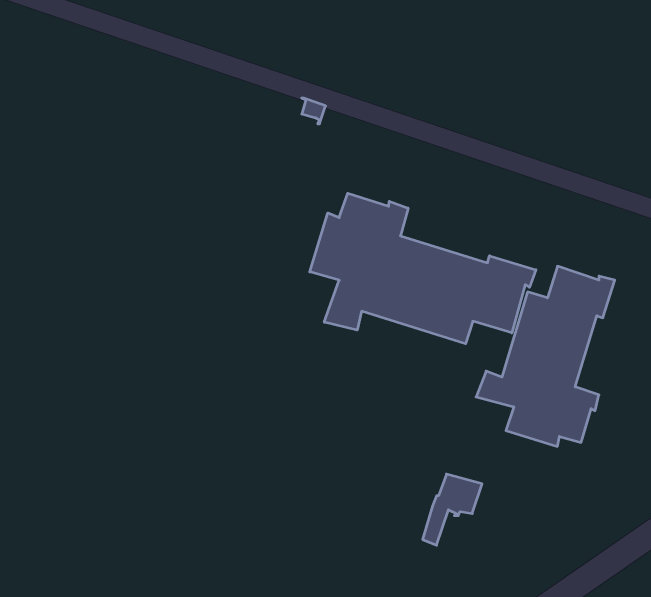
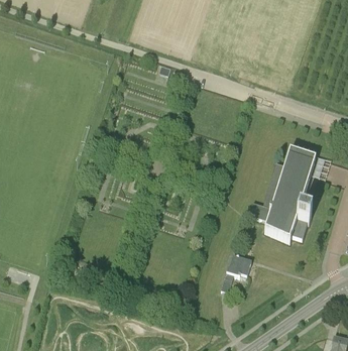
building: [310,193,536,344] -> none

